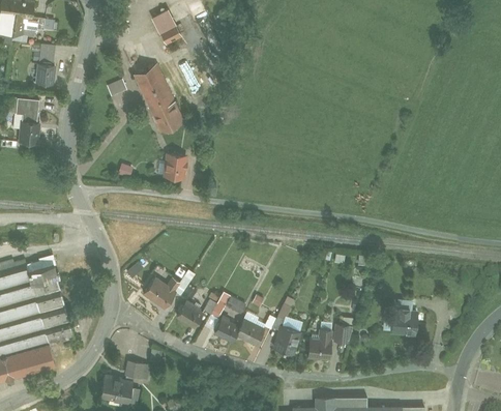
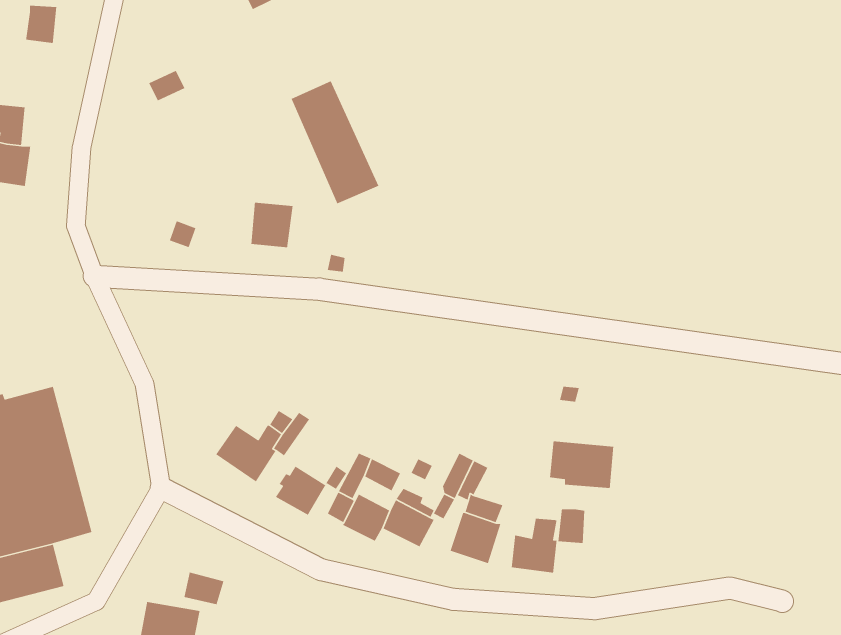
building: [34,63,56,85] -> none
building: [134,64,183,134] -> [290,80,380,205]
building: [383,310,419,336] -> [549,441,614,489]

